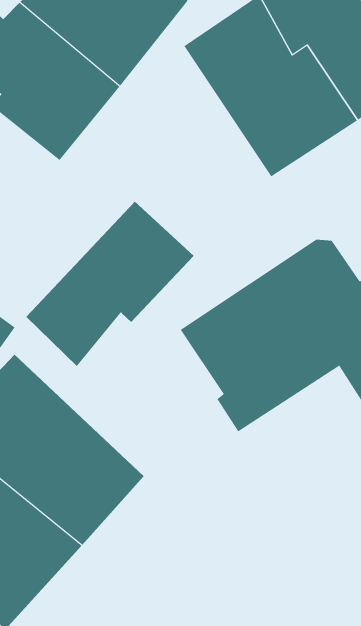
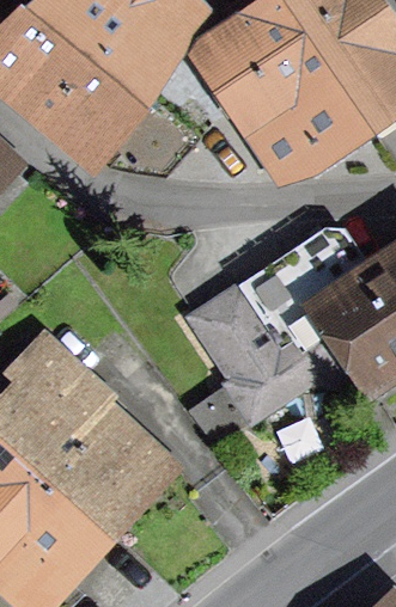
building: [25,201,195,367] -> none

